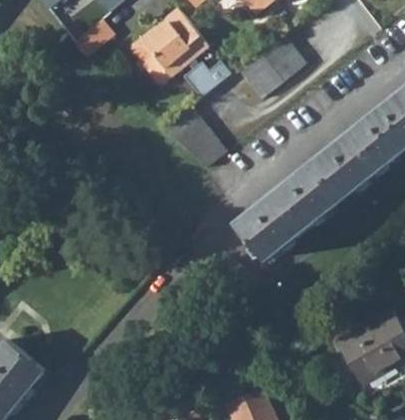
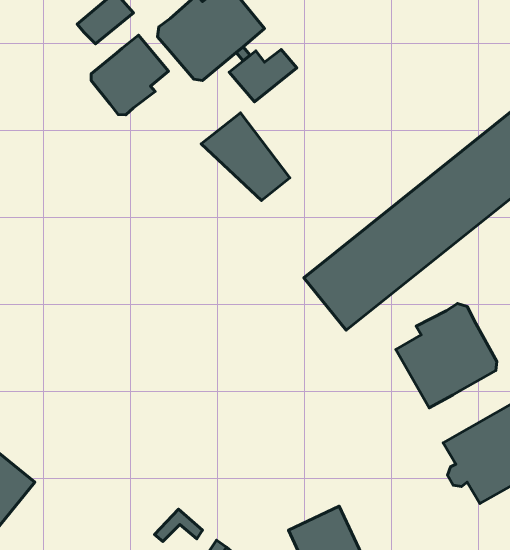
building: [237,33,306,98] -> none
building: none -> [91,35,169,115]
building: none -> [396,304,497,408]

